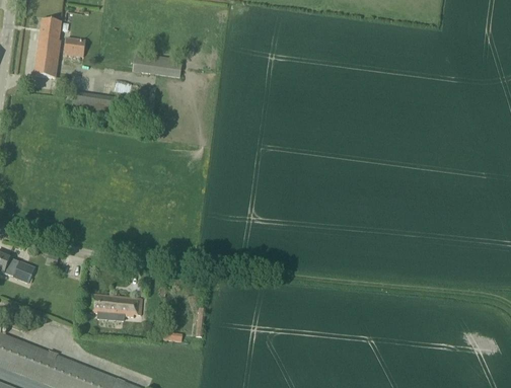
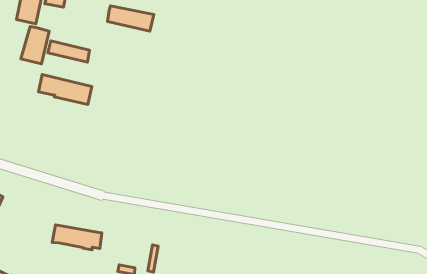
building: none -> [21,26,49,64]
building: none -> [38,75,92,104]

